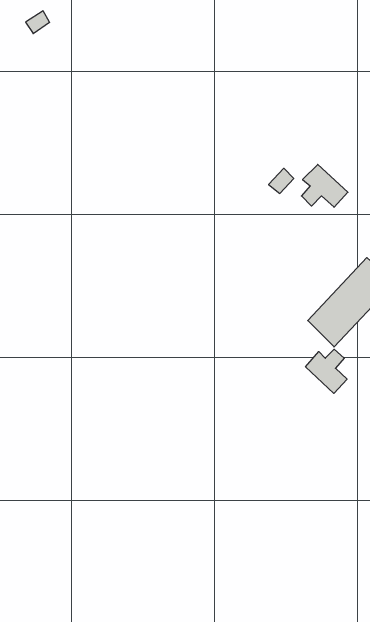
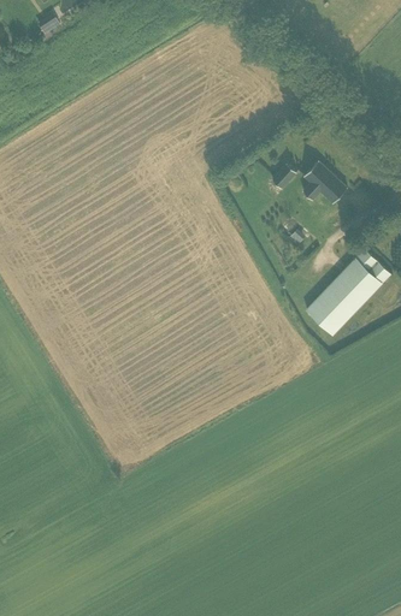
building: [306,349,347,393] -> none

